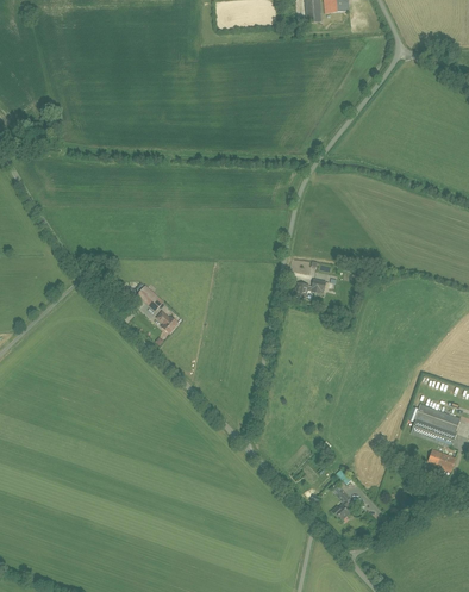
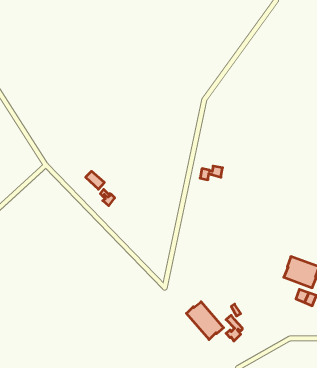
building: none -> [186,302,224,340]

